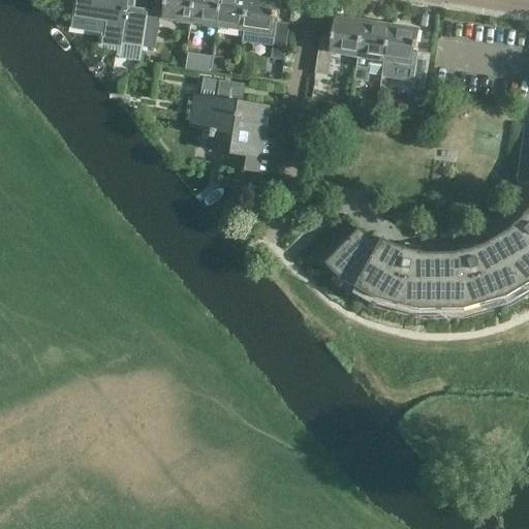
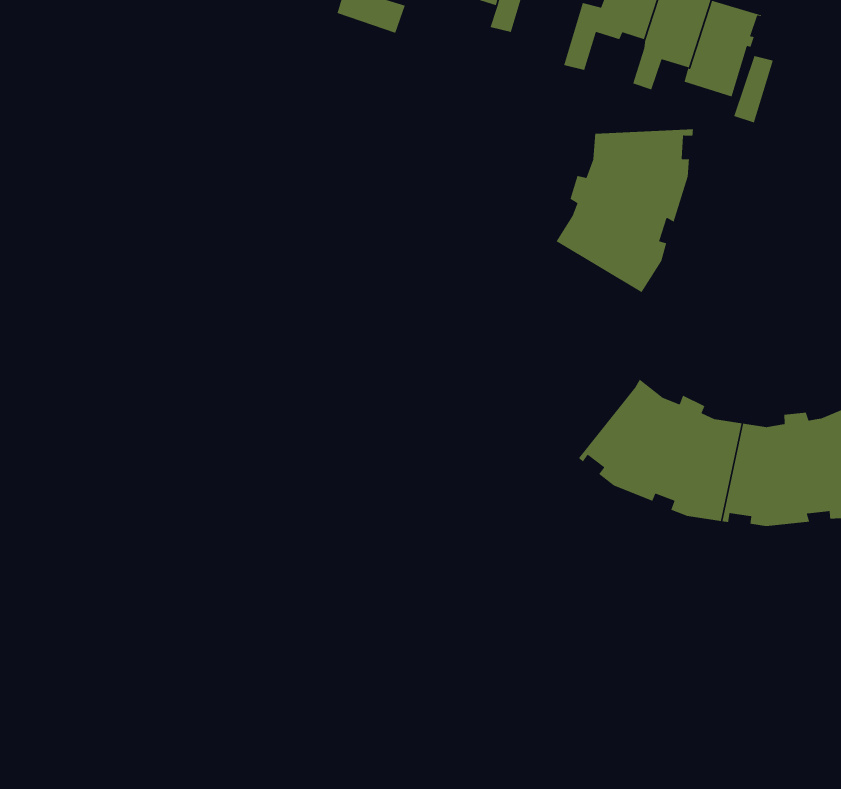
building: [187,80,274,175] -> none
building: none -> [555,128,694,293]
building: [328,228,379,287] -> none

